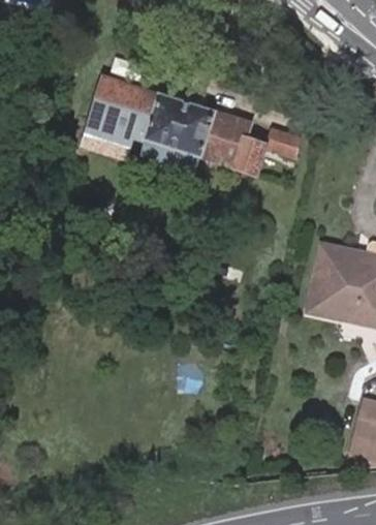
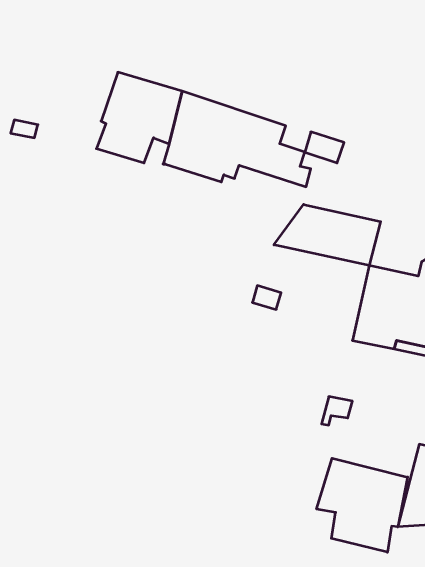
building: none -> [274,204,381,265]
building: none -> [317,458,408,552]

